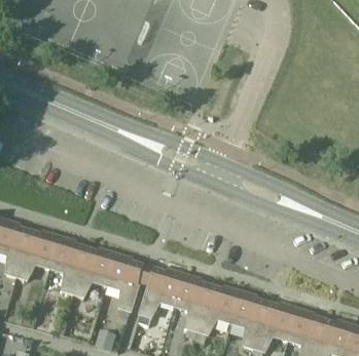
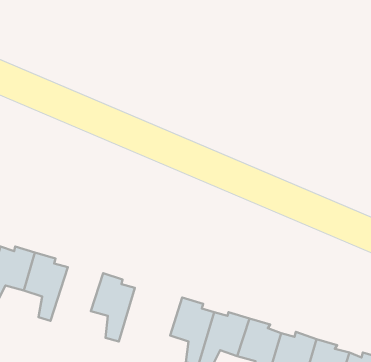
building: [73,248,117,296] -> none
building: [140,269,184,317] -> none

